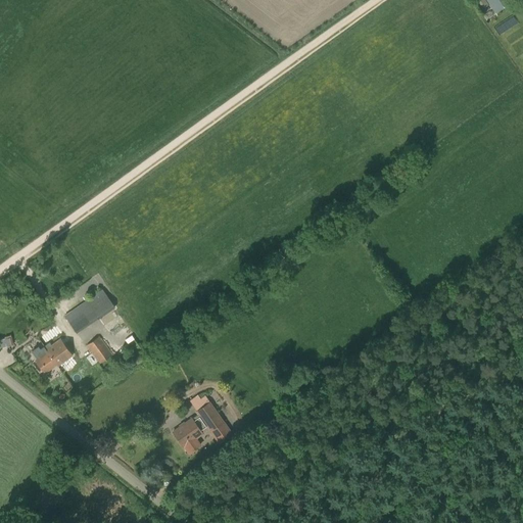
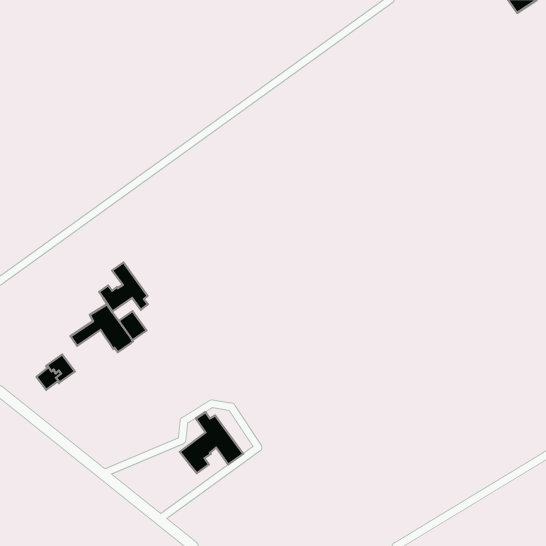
building: none -> [99,262,148,312]
building: [85,335,111,363] -> [119,311,147,340]

